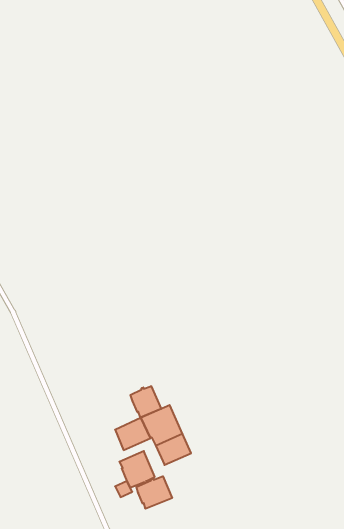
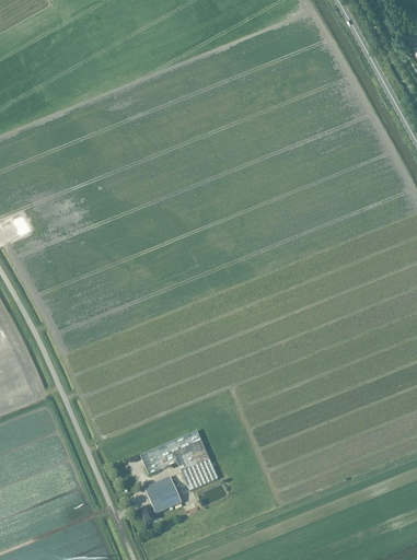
building: [130,386,161,418] -> none
building: [136,476,172,509] -> none

